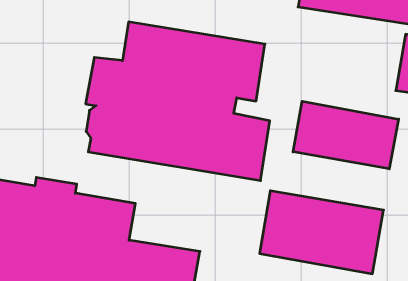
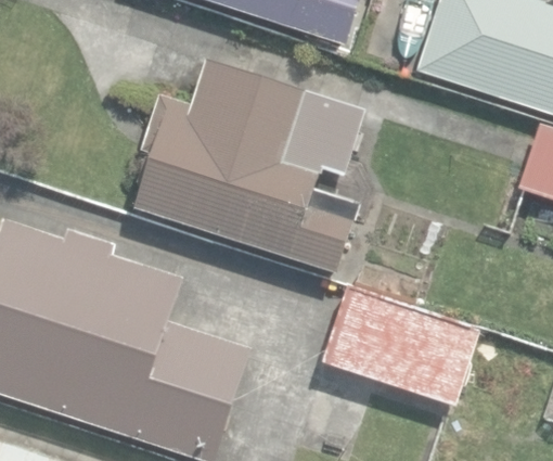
building: [293,101,399,169] -> none

